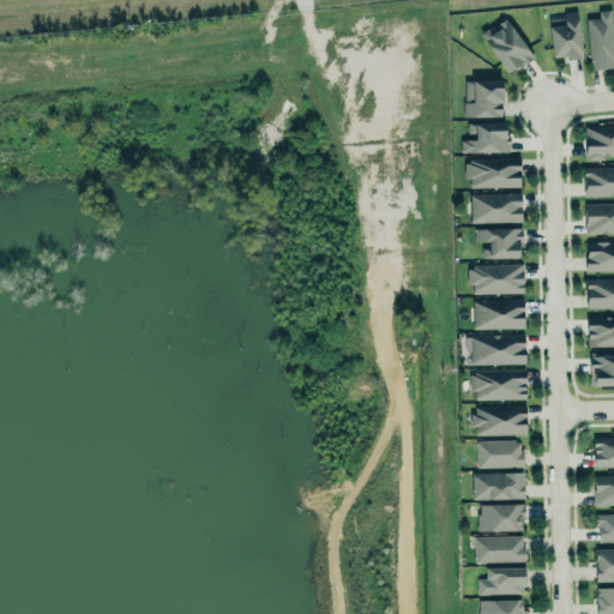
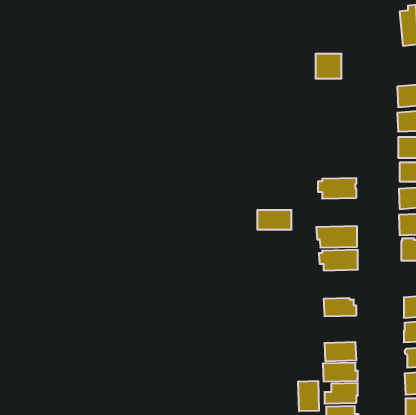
building: [550,13,584,60] -> none
building: [482,20,536,73] -> none
building: [463,122,512,154] -> none
building: [468,159,522,191] -> none
building: [471,195,523,224] -> none
building: [475,230,524,260] -> none
building: [475,302,525,331] -> [257,210,292,230]
building: [474,408,529,438] -> none
building: [472,472,525,500] -> none
building: none -> [298,381,319,411]

